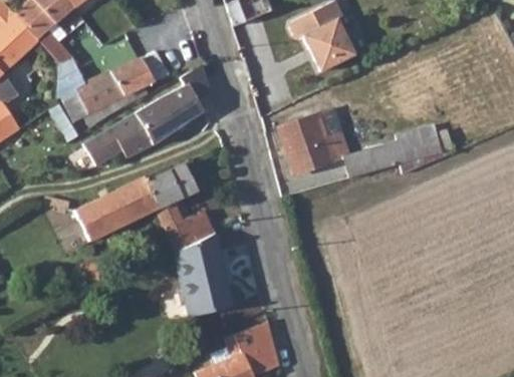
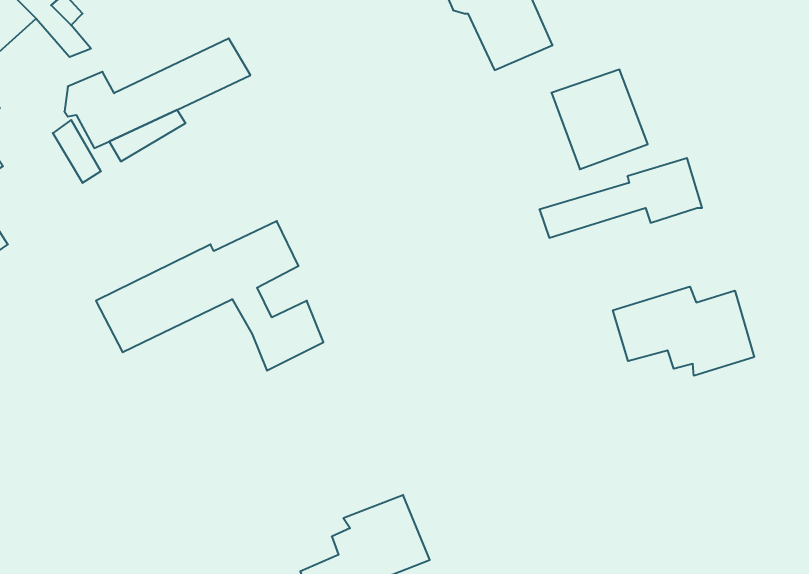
building: [85,65,211,165] -> none
building: [279,113,337,173] -> [551,70,648,169]
building: none -> [613,287,754,376]
building: [176,234,234,319] -> none

